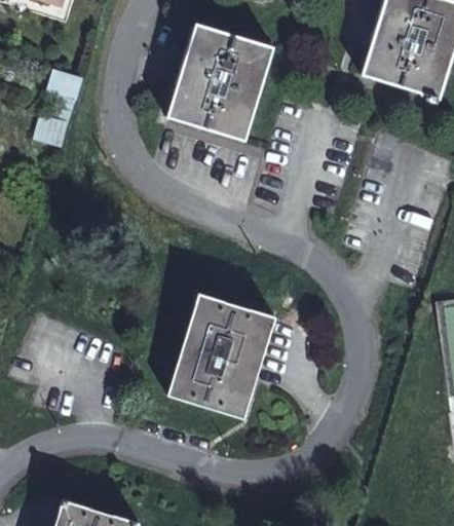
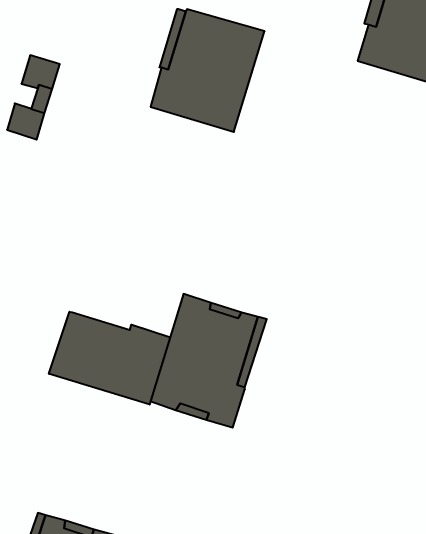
building: none -> [49,312,170,405]

